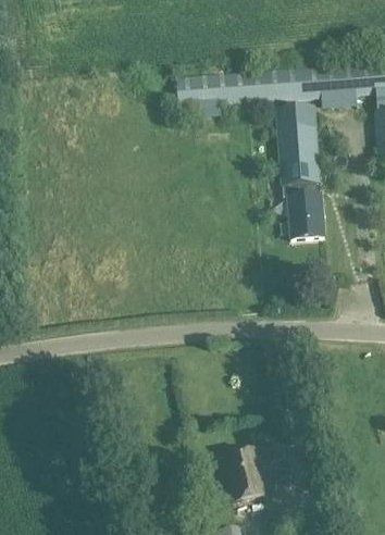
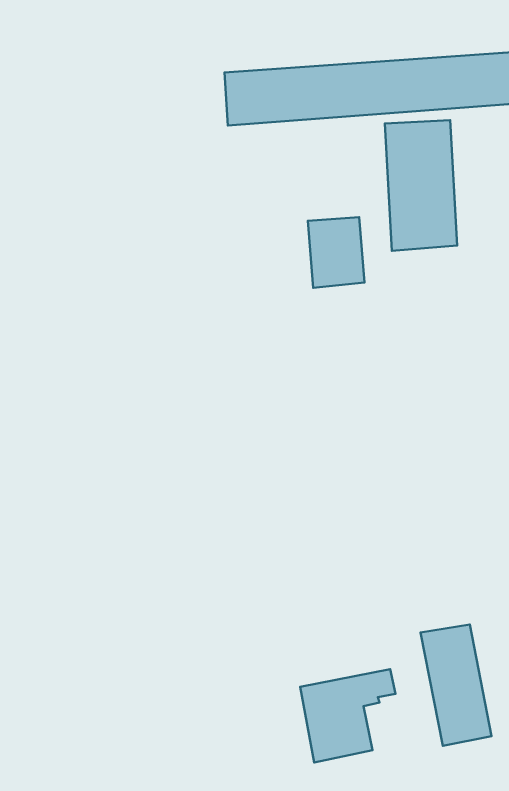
building: [288,194,323,237] -> [308,217,364,288]
building: none -> [421,624,492,746]

